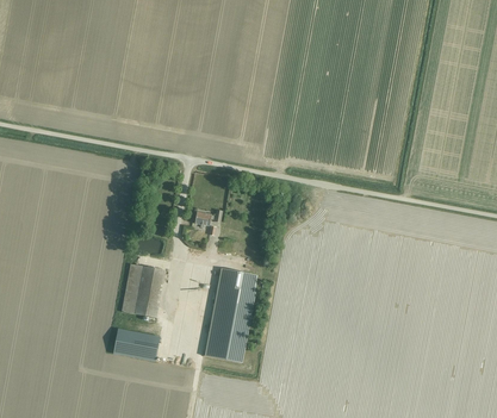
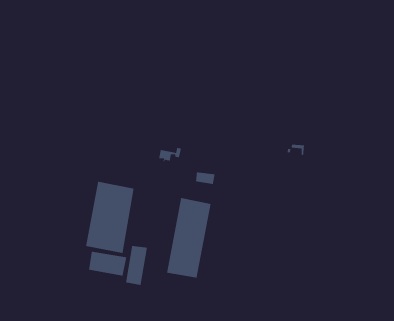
building: none -> [125,245,148,286]

